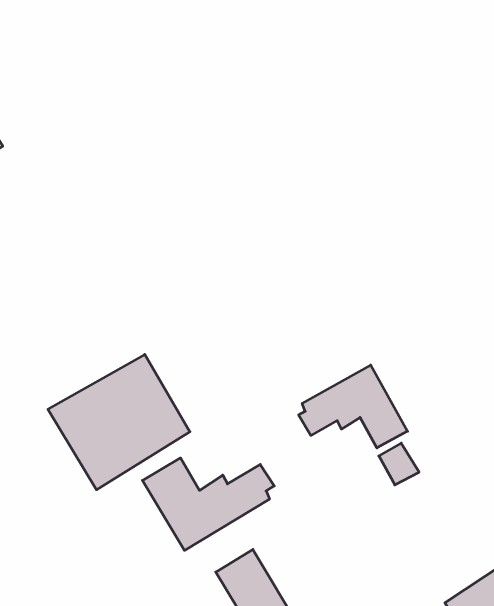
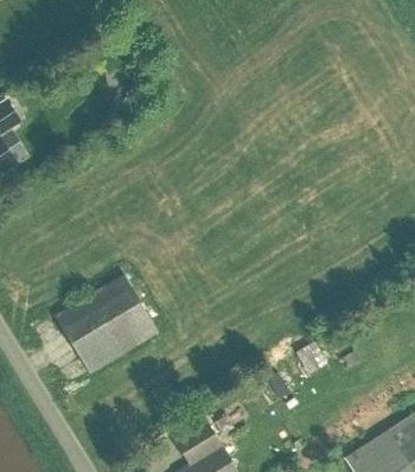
building: [299,365,408,448] -> none
building: [142,458,274,550] -> none

